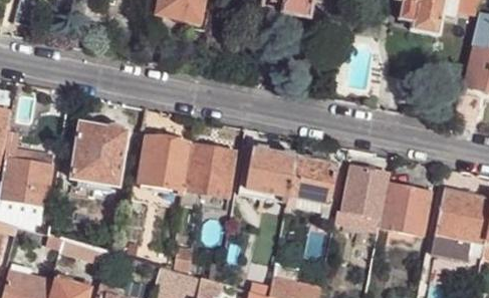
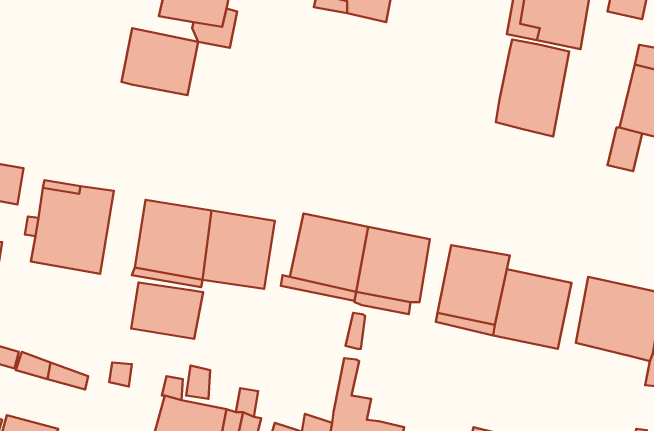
building: none -> [121,28,198,95]
building: none -> [496,39,569,137]
building: none -> [131,282,203,339]
building: [430,231,471,260] -> none

